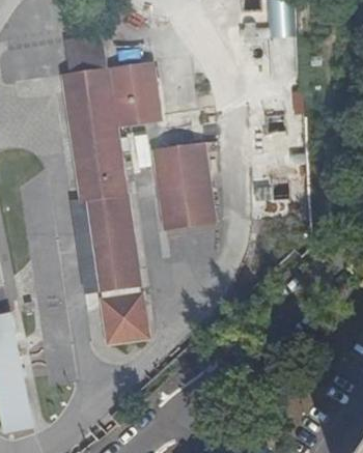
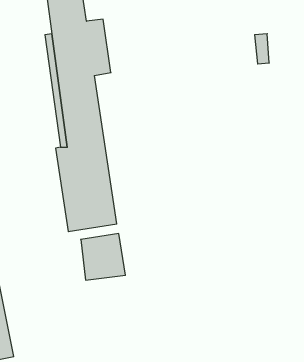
building: [127,59,161,120] -> none
building: [157,144,217,226] -> none

